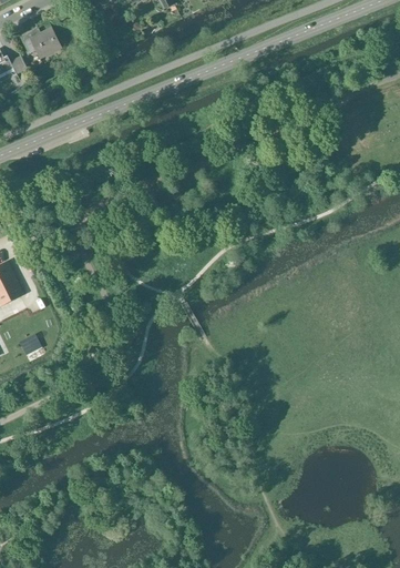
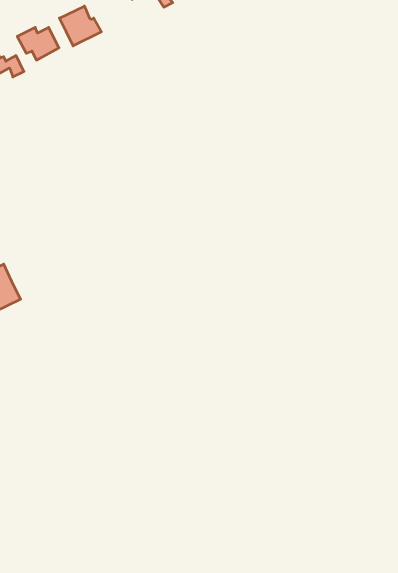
building: none -> [59,6,101,46]

